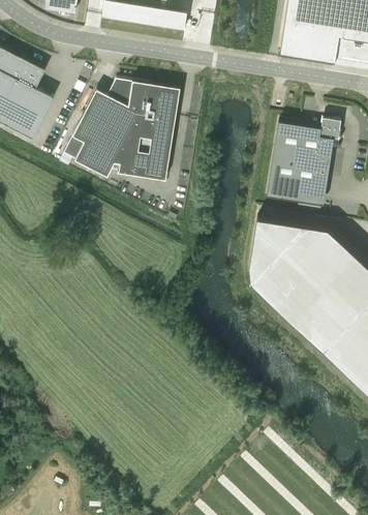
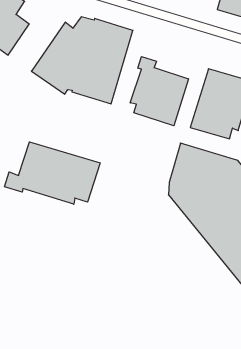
building: none -> [130,57,188,126]
building: none -> [5,142,100,204]

